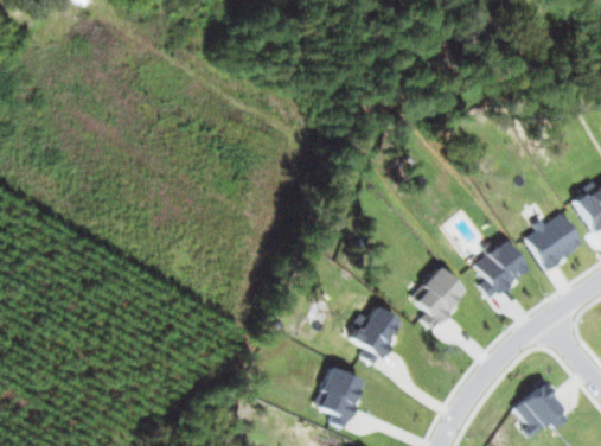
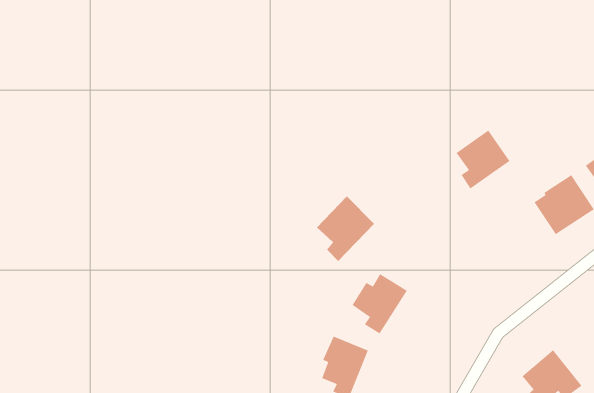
building: [474,240,528,298] -> [456,130,511,189]
building: [410,266,467,330] -> [316,196,375,262]

